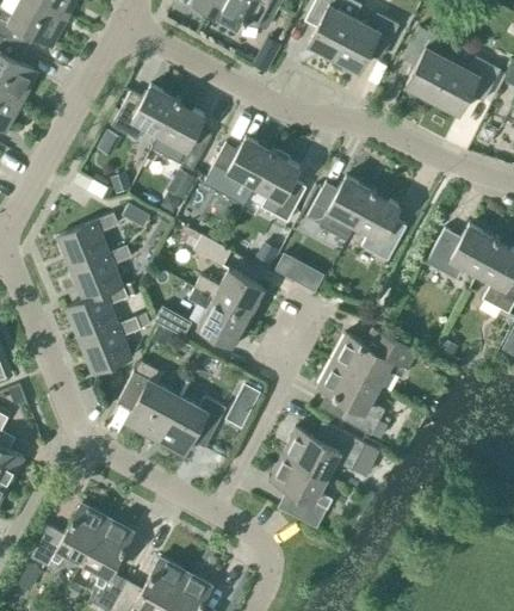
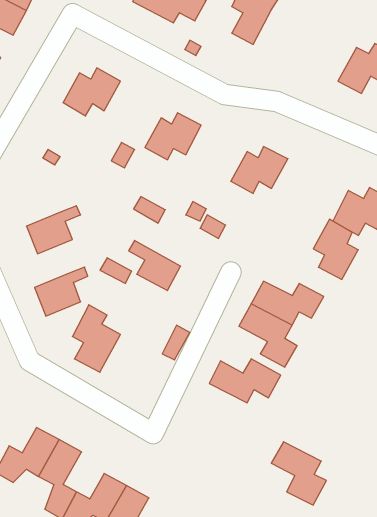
building: [333,13,398,72] -> none
building: [402,26,453,100] -> none
building: [159,100,211,169] -> none
building: [254,152,305,222] -> none
building: [354,191,407,261] -> [313,219,358,279]
building: [55,214,118,270] -> none
building: [194,269,264,316] -> none
building: [64,285,128,341] -> none
building: [154,396,225,456] -> none
building: [267,453,332,527] -> [271,442,326,505]

